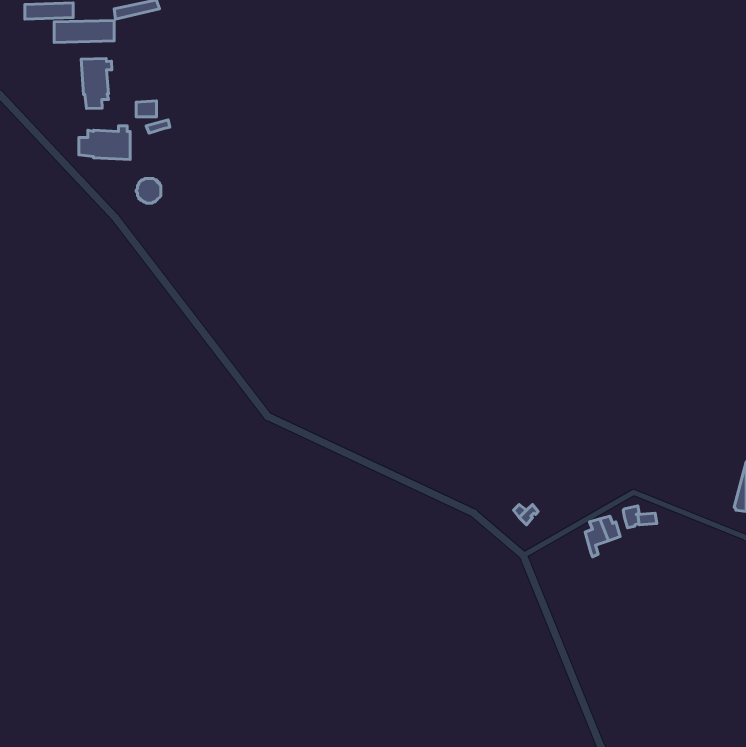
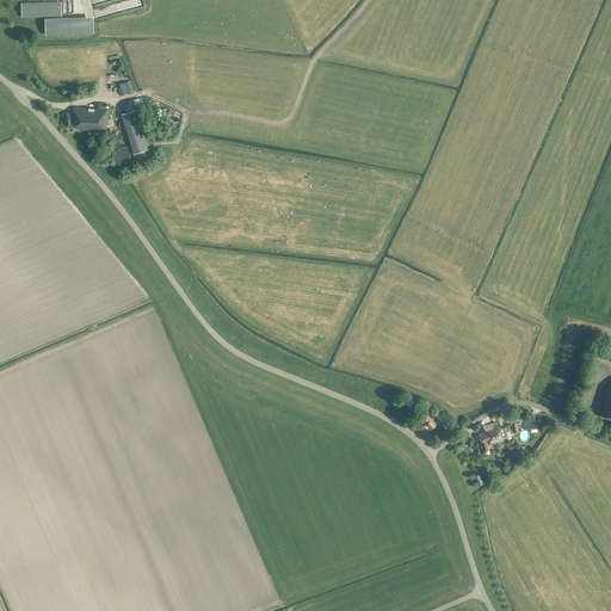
building: [81,59,112,108] -> none
building: none -> [119,109,148,153]

